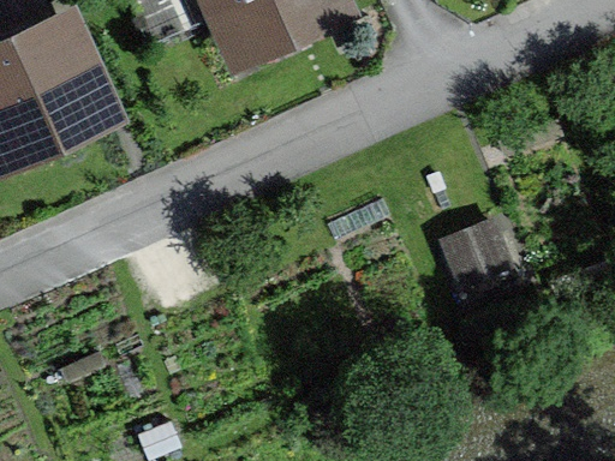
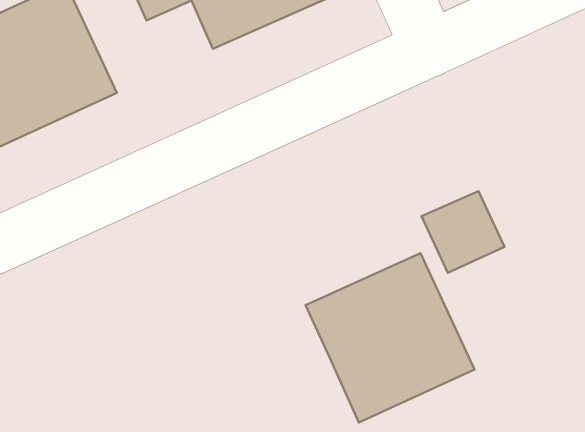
building: none -> [305,253,475,422]

